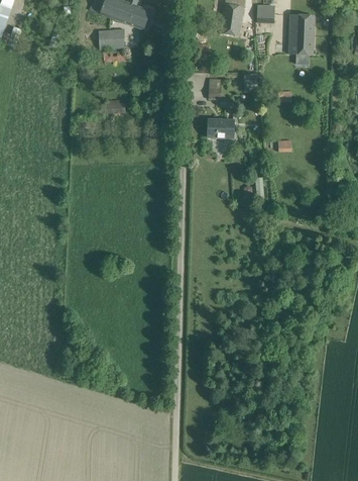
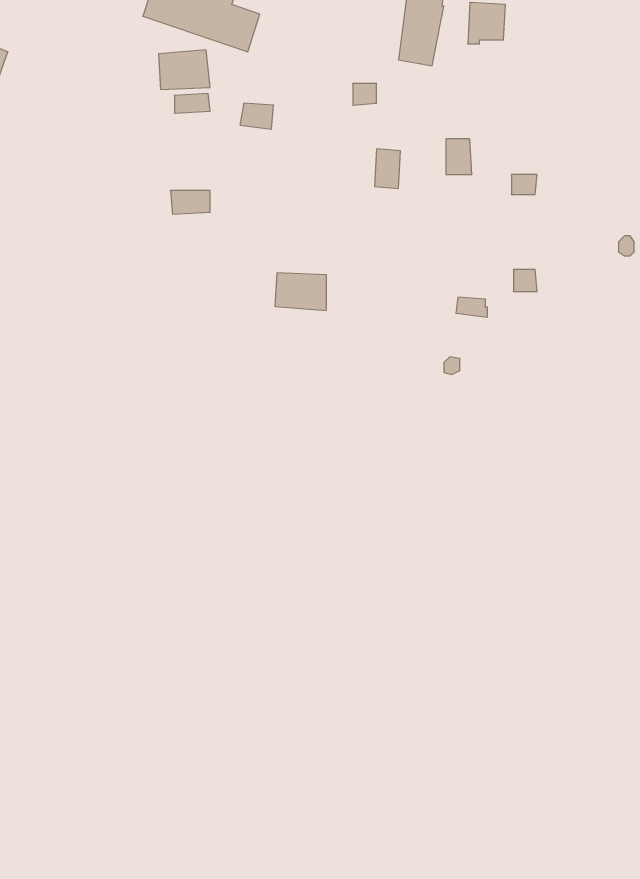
building: [287,14,315,55] -> none
building: [208,119,234,138] -> [275,273,326,310]

